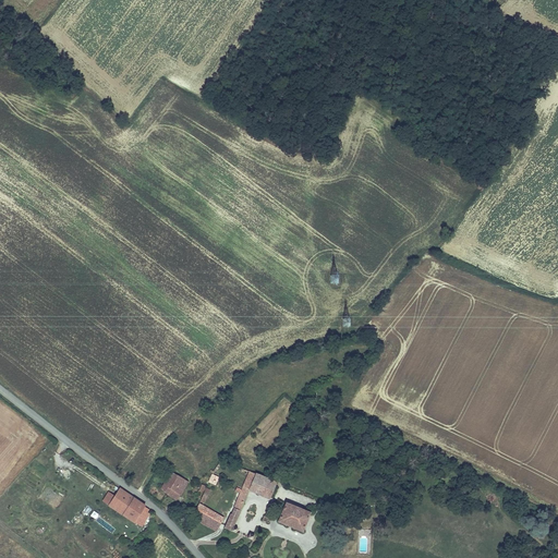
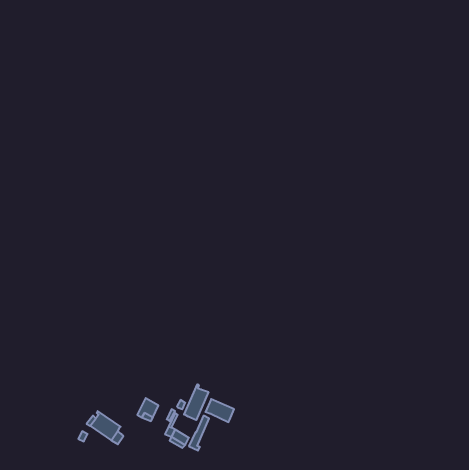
building: none -> [184,384,208,420]
building: [278,504,308,532] -> none

